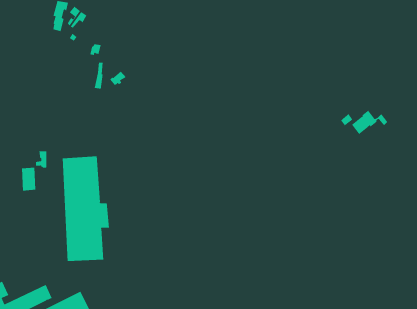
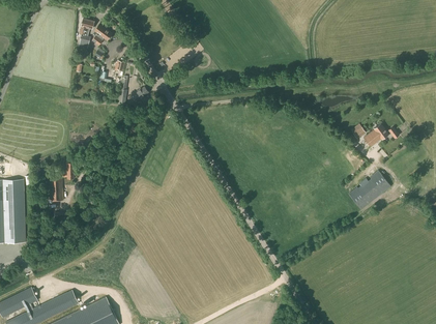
building: [62,156,110,262] -> none
building: none -> [349,170,390,209]

